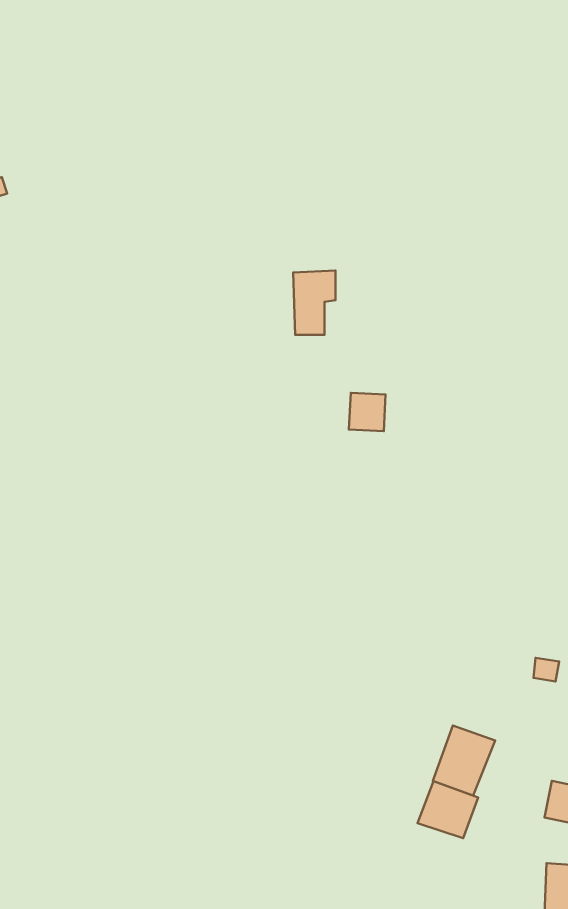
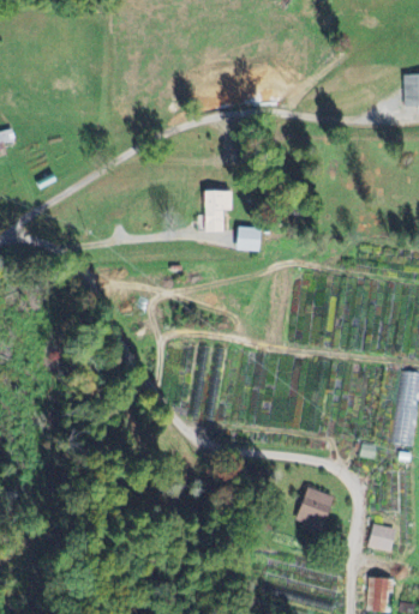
building: [349,393,386,431] -> [235,225,259,251]
building: [417,781,478,838] -> none

